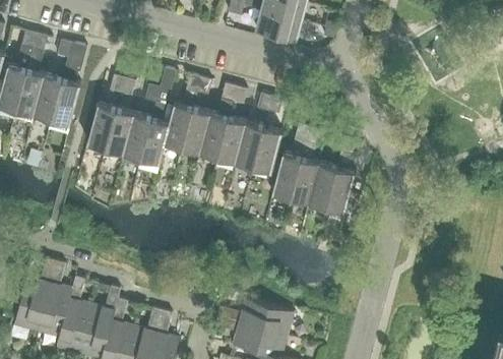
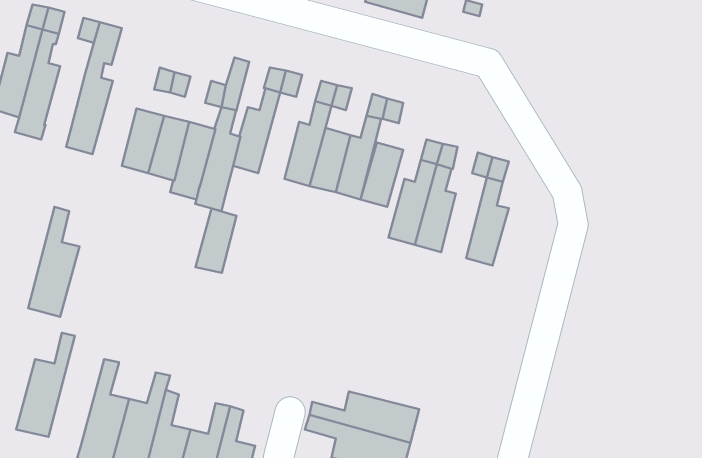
building: [34,74,62,119] -> none
building: [182,108,210,153] -> [195,208,236,273]
building: [309,163,336,207] -> none
building: [37,261,72,338] -> [28,207,79,317]

